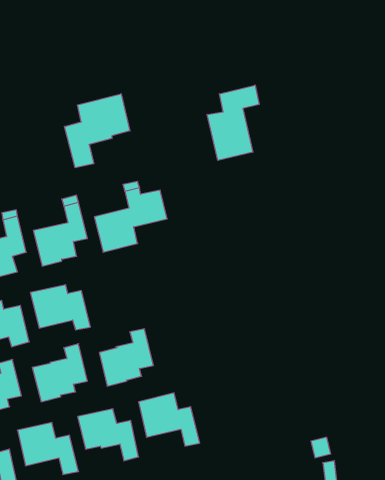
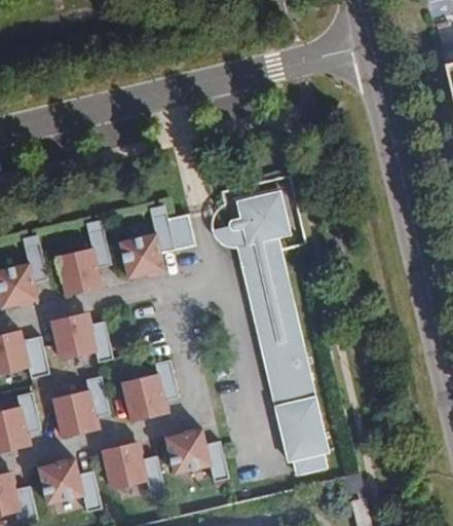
building: [207,85,259,160] -> none
building: [64,94,130,168] -> none
building: none -> [213,190,329,475]

